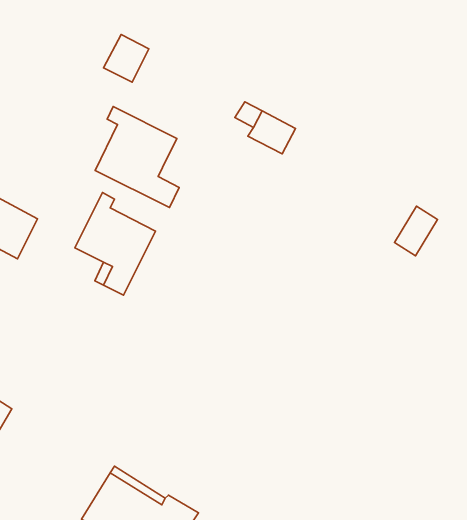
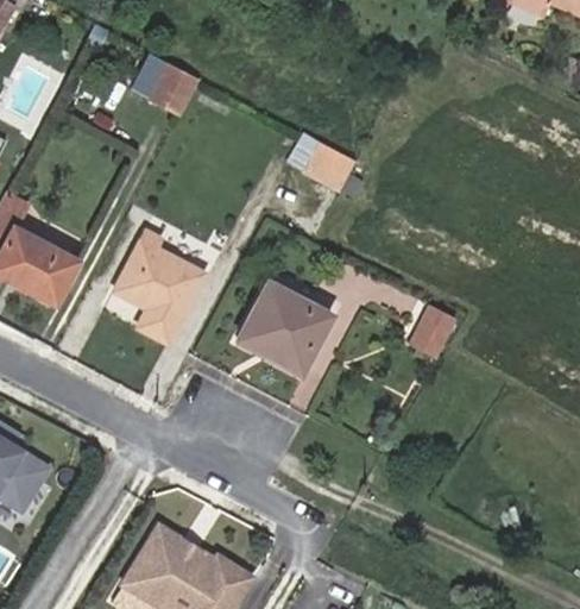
building: [95,107,179,207] -> none
building: [395,206,438,256] -> [406,304,453,358]
building: none -> [235,280,332,375]

